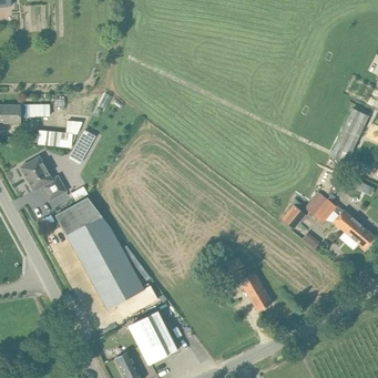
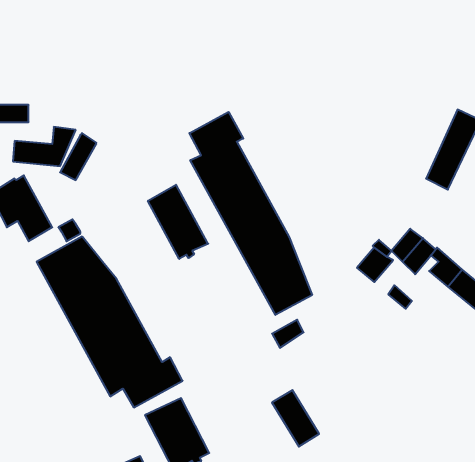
building: none -> [189,112,312,315]
building: none -> [148,185,208,259]
building: [238,272,272,311] -> [272,390,319,447]

